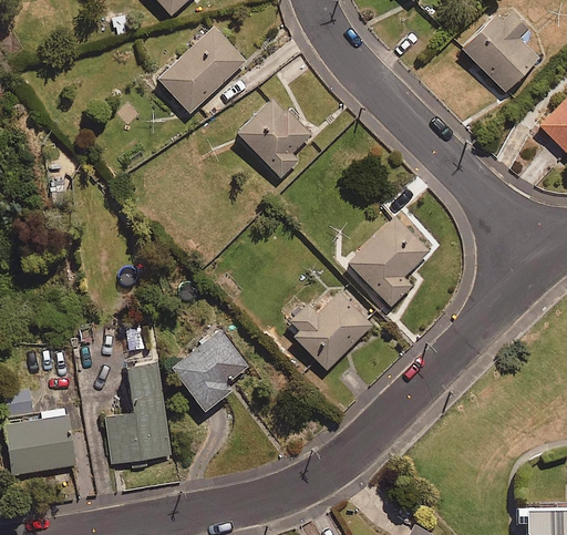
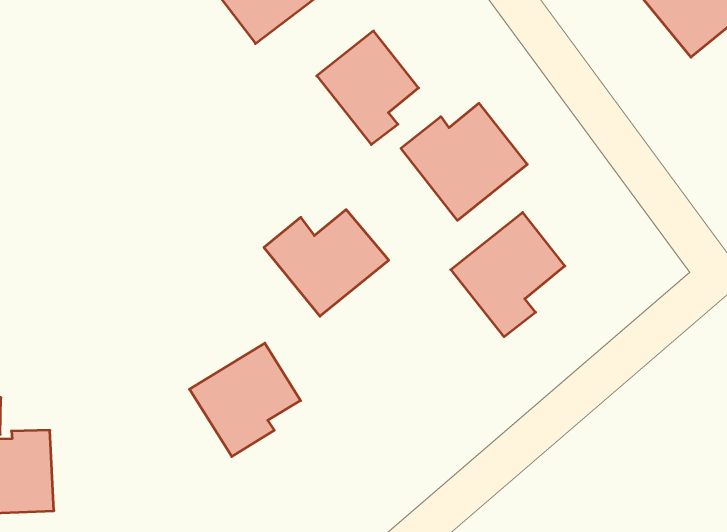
building: none -> [401,103,527,220]
building: [281,291,372,370] -> [264,210,389,316]
building: [107,362,172,464] -> none

